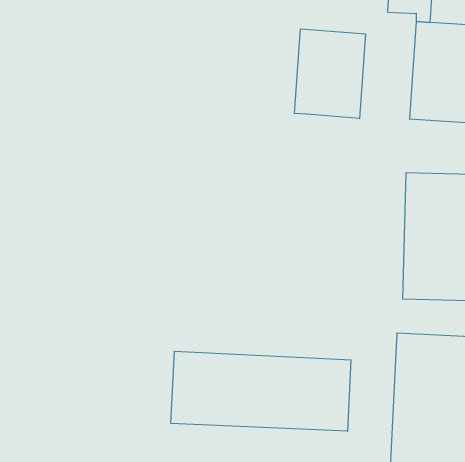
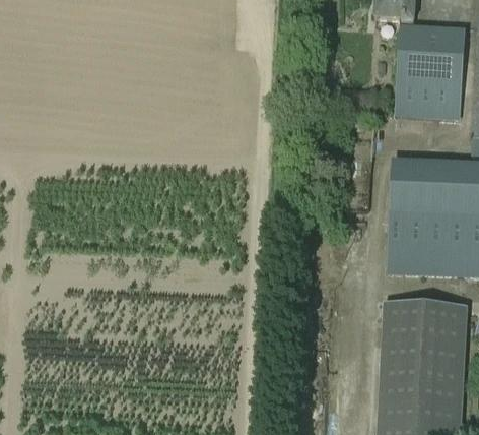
building: [294,29,366,119] -> none
building: [171,351,351,431] -> none

